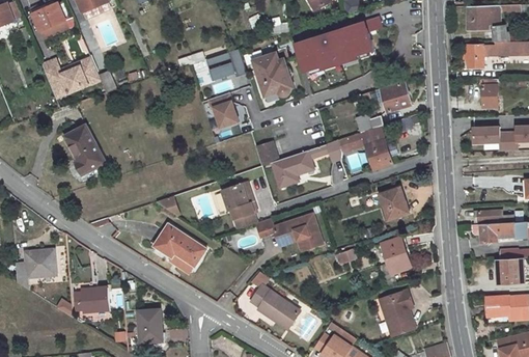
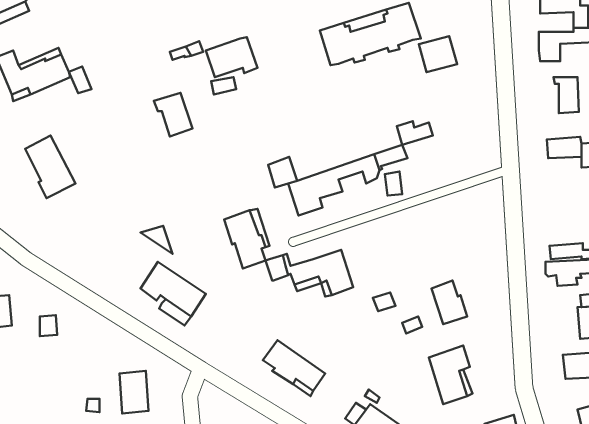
building: [254,53,293,97] -> none
building: [381,83,411,111] -> [419,36,457,72]
building: [208,93,239,128] -> [154,93,192,137]
building: [365,139,392,170] -> none
building: [381,188,408,220] -> none
building: [81,287,110,312] -> none

